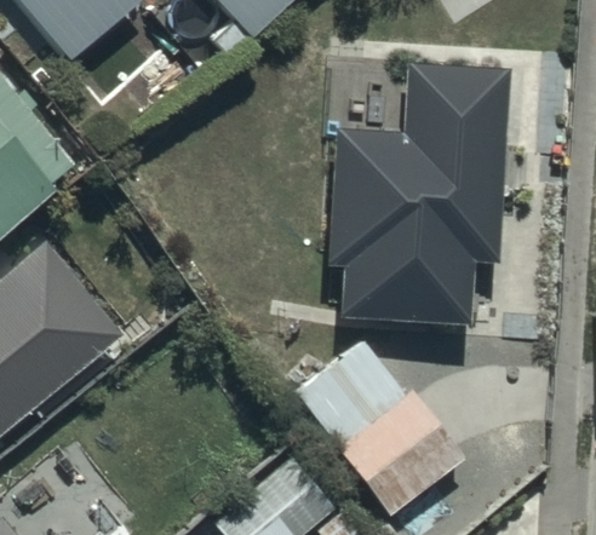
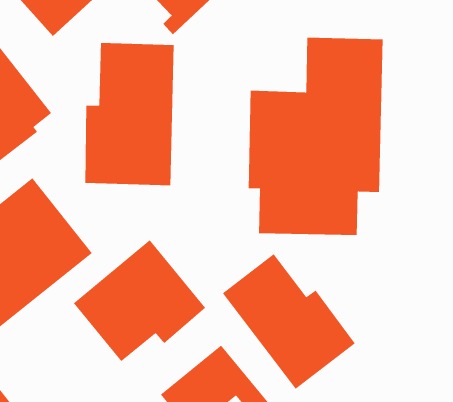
building: none -> [85,42,175,186]
building: none -> [73,239,206,362]

